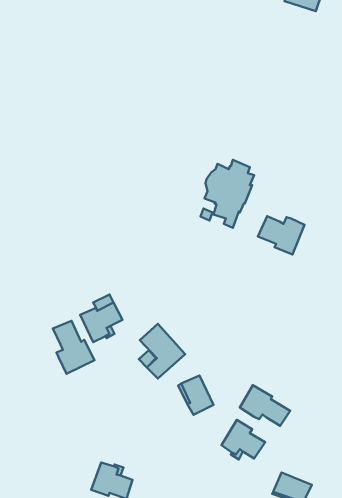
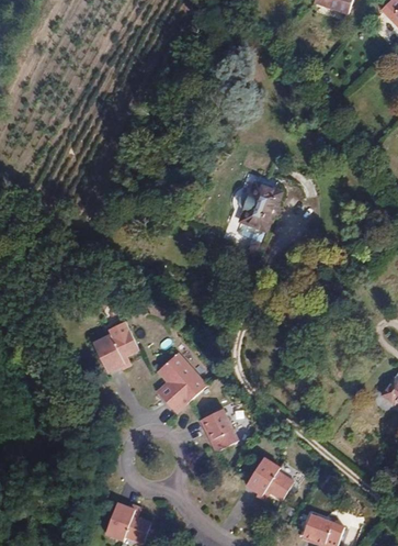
building: [258,216,304,255] -> none
building: [53,321,95,374] -> none
building: [240,385,290,426] -> none

